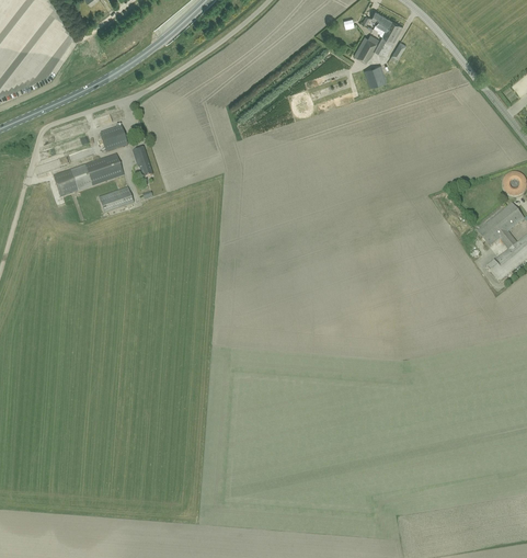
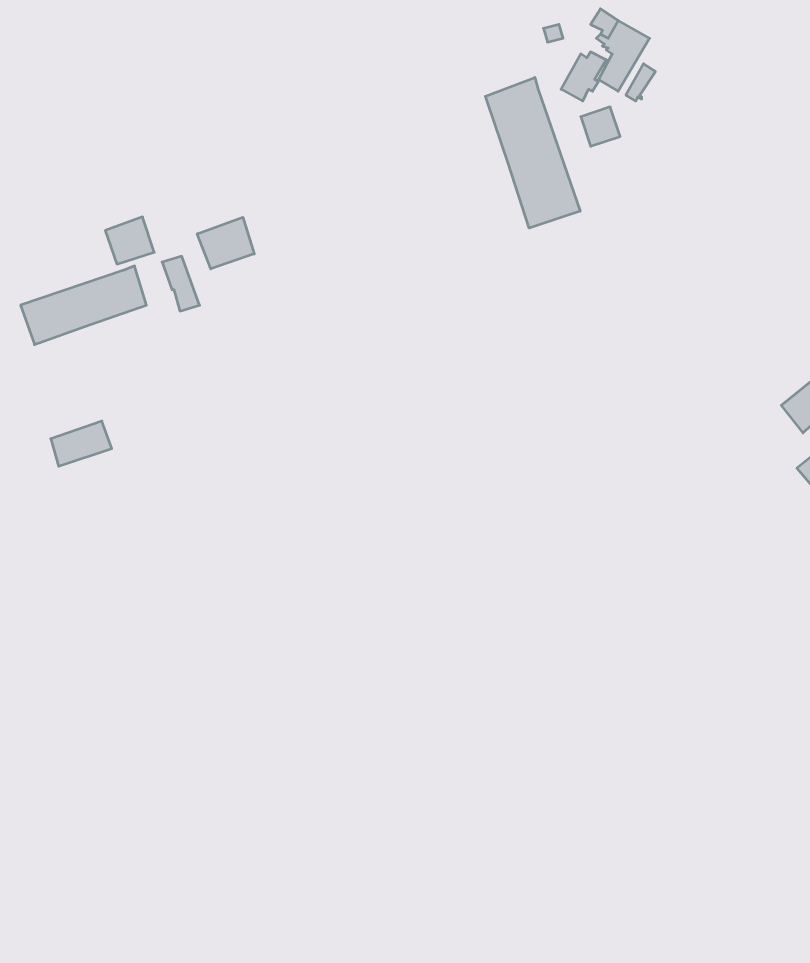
building: none -> [485,77,580,228]
building: none -> [197,217,254,269]
building: [99,186,133,212] -> [51,421,112,466]

